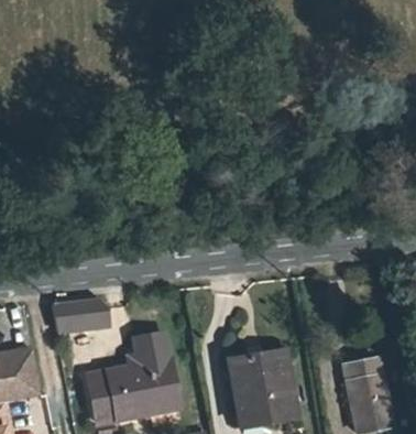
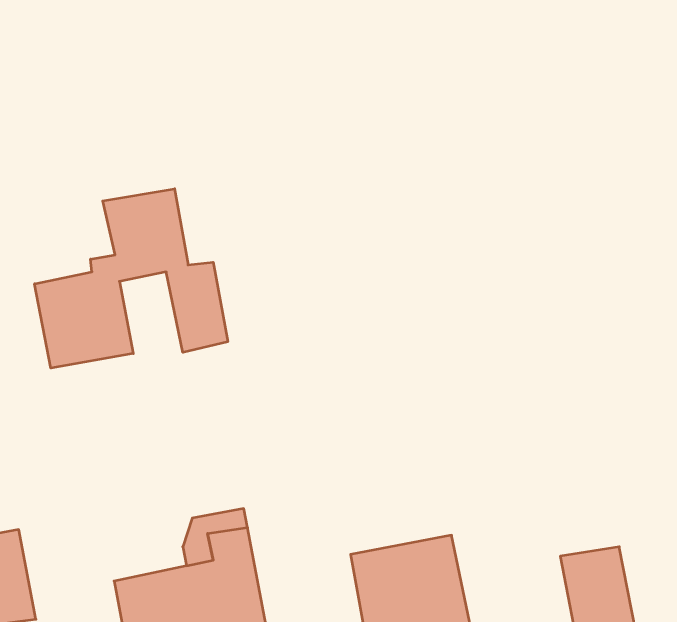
building: none -> [35,189,228,368]
building: [52,295,109,333] -> none

